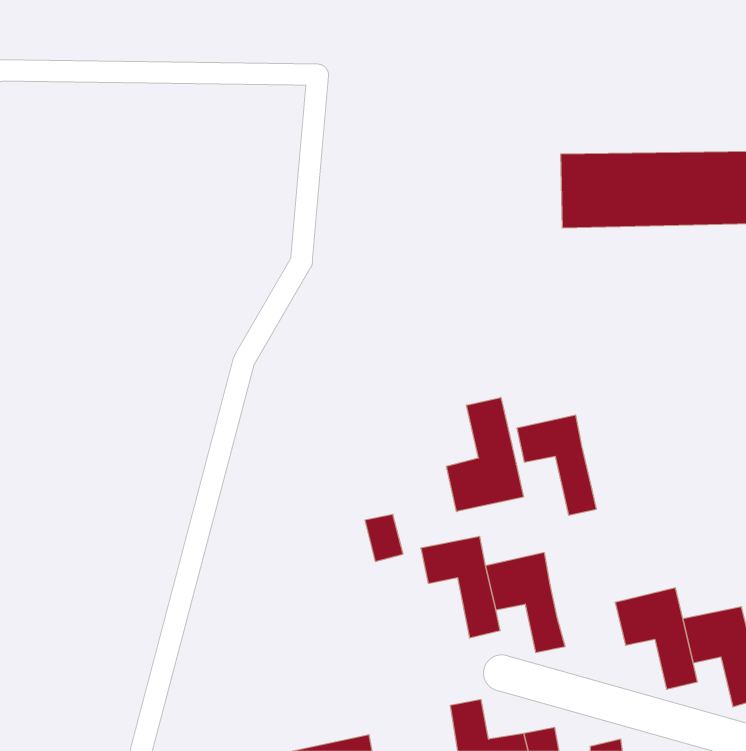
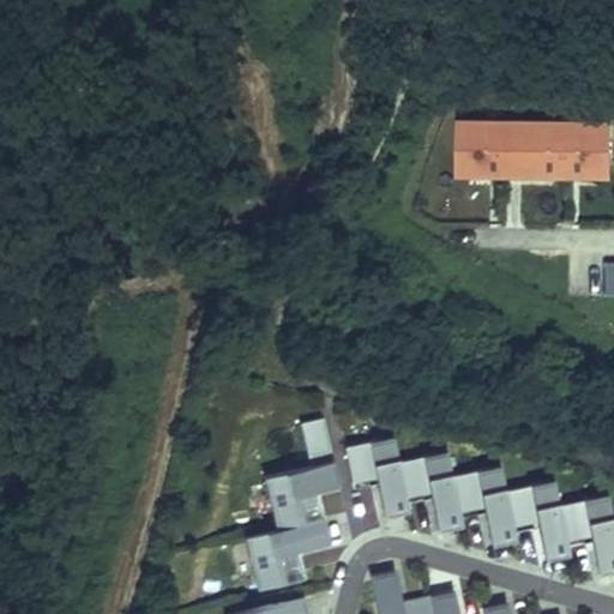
building: [447,397,523,512] -> none
building: [517,415,596,515] -> [453,466,518,548]
building: none -> [247,463,341,591]

